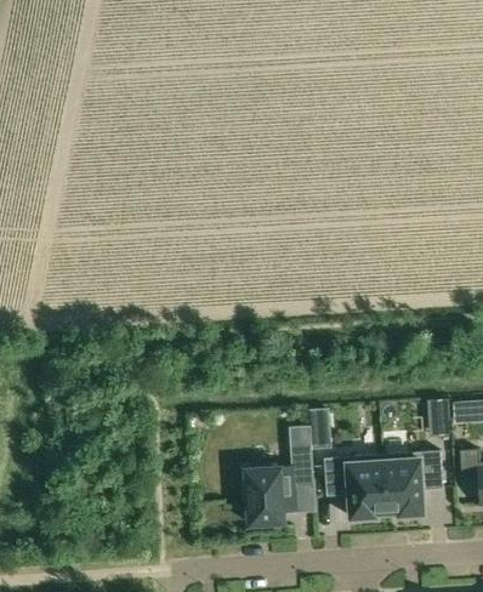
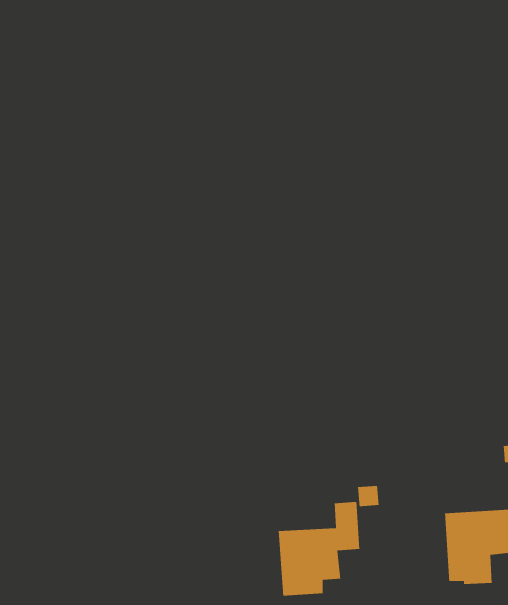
building: [324,455,386,518] -> none

